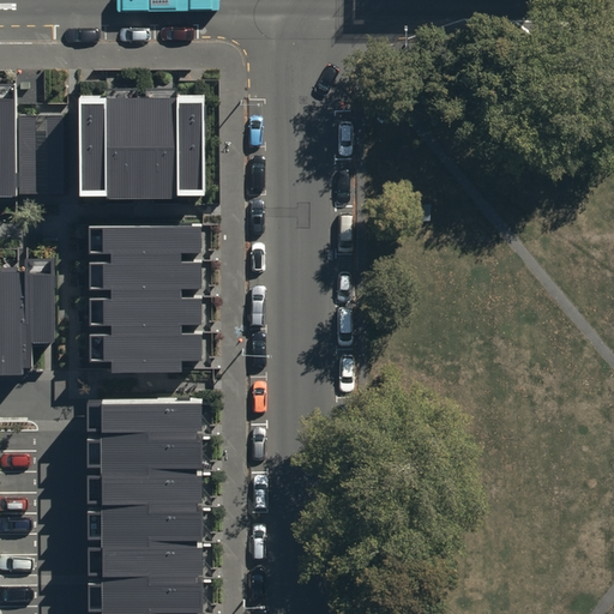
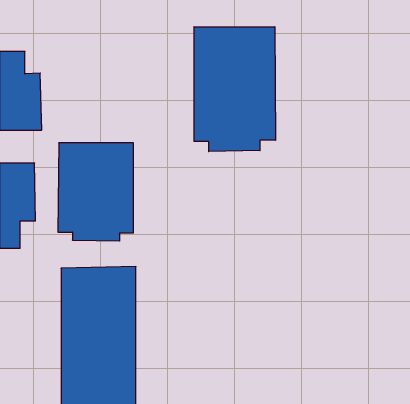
building: none -> [194,27,276,152]
building: [84,97,200,197] -> none

